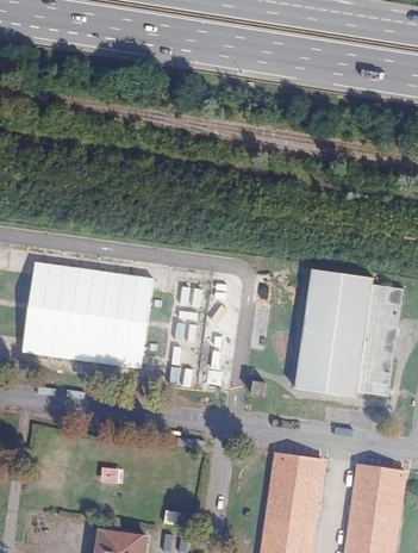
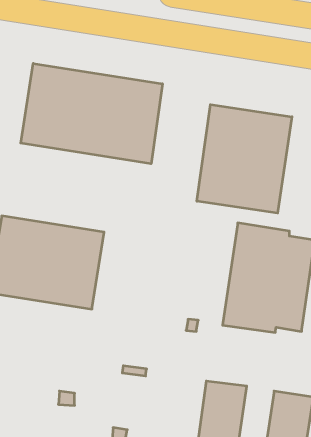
building: none -> [21,63,162,164]
building: none -> [197,105,292,213]

